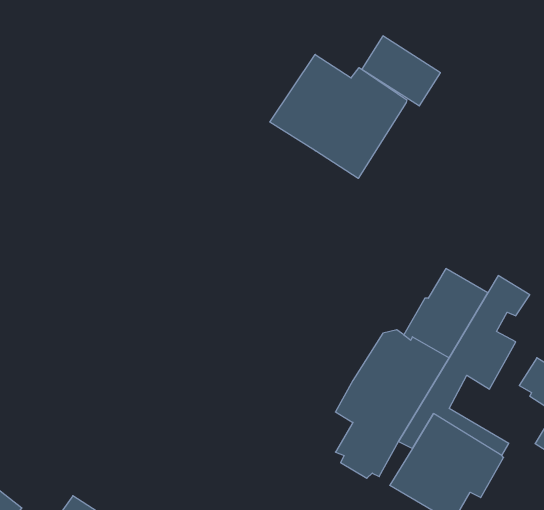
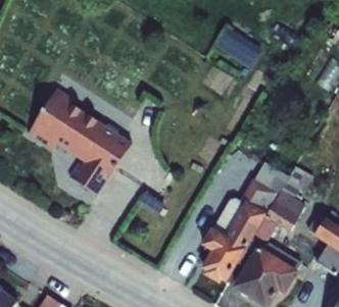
building: [270,54,407,178] -> none
building: none -> [28,88,132,195]

